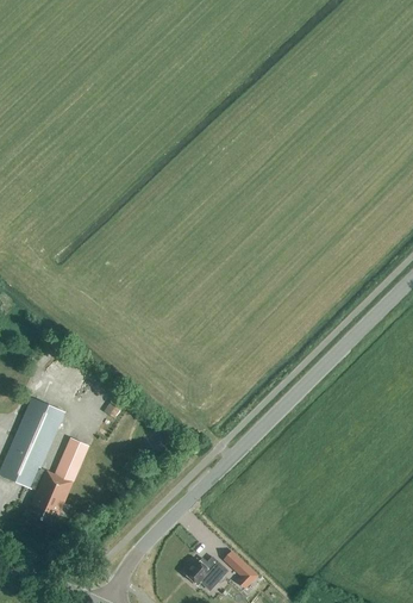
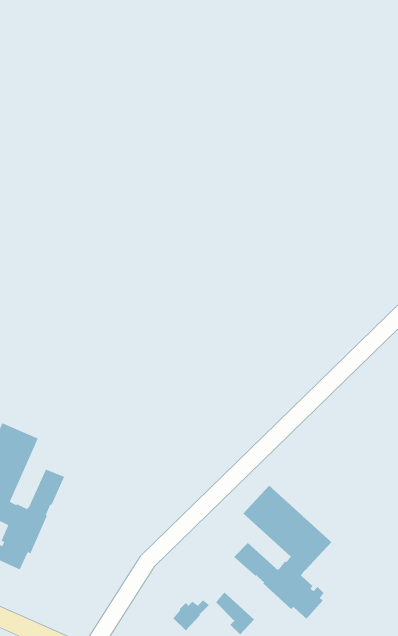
building: none -> [233,485,332,619]

